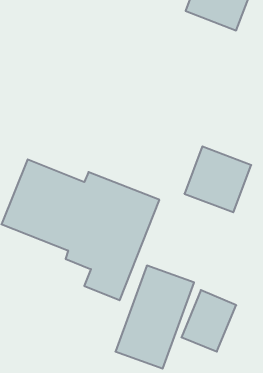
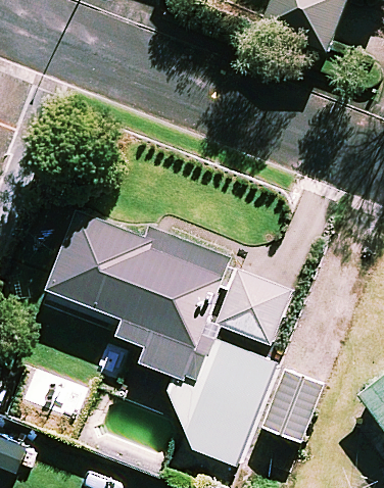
building: [184,146,251,212] -> [215,269,296,348]

